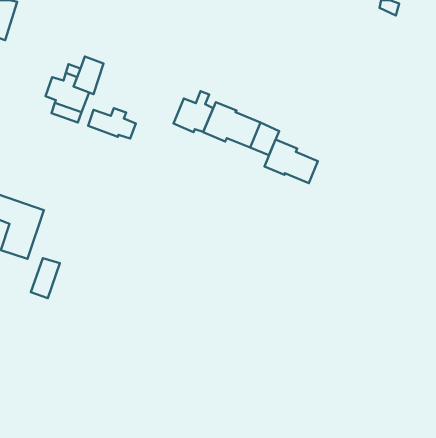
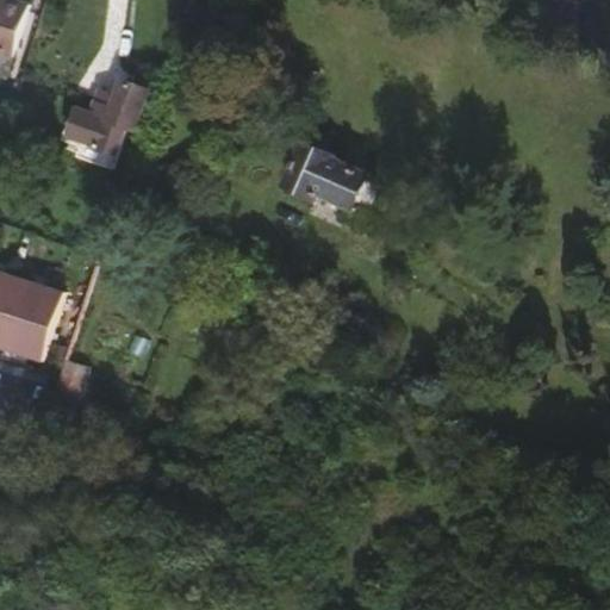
building: [174,91,213,132] -> none
building: [88,108,136,139] -> none
building: [265,140,318,183] -> none

